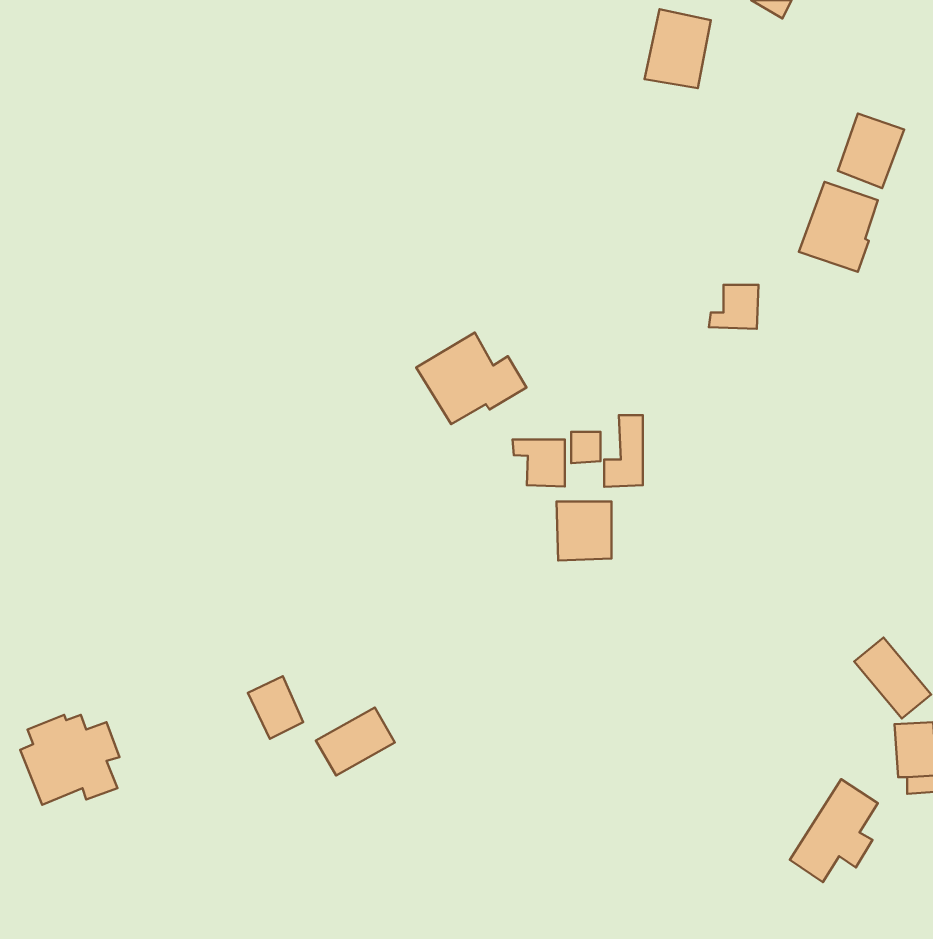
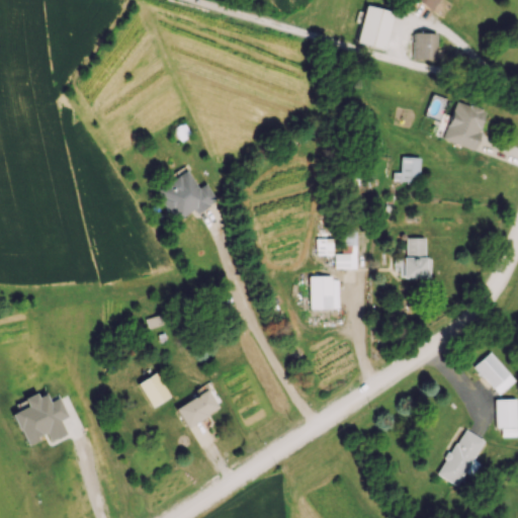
building: none -> [414,32,438,60]
building: [838,113,904,188] -> none
building: [416,332,526,424] -> [157,170,218,221]
building: none -> [398,238,431,277]
building: [512,440,565,487] -> none

